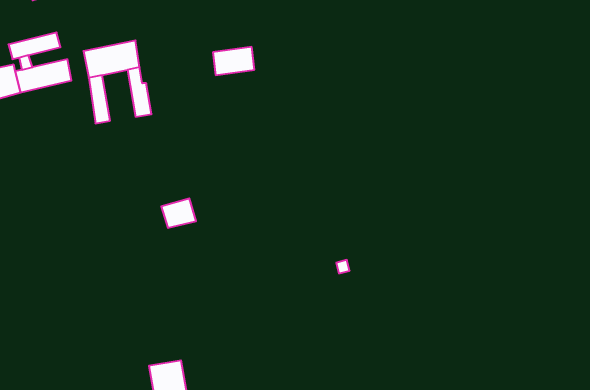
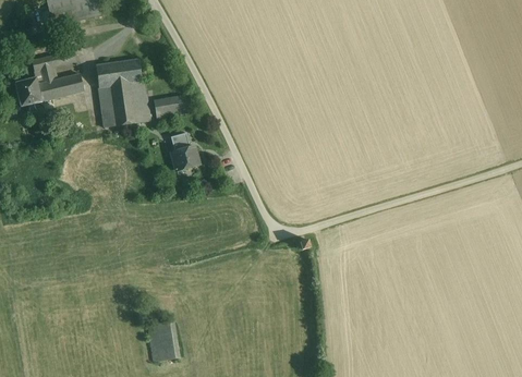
building: [213,47,254,75] -> [153,95,186,118]
building: none -> [109,83,136,124]
building: [161,198,196,228] -> [171,145,199,169]

